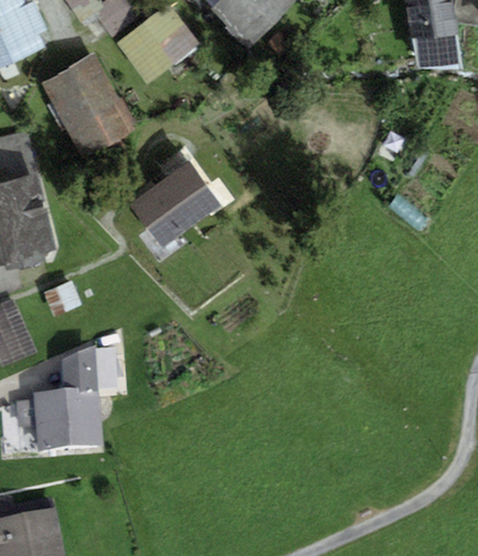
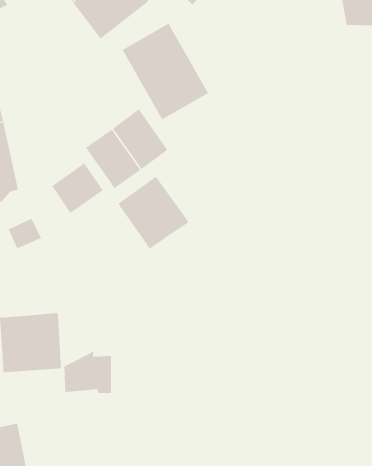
building: [41,52,137,159] -> [122,23,209,120]
building: none -> [51,162,103,214]
building: none -> [117,176,189,249]
building: [62,341,115,388] -> [64,350,112,394]

